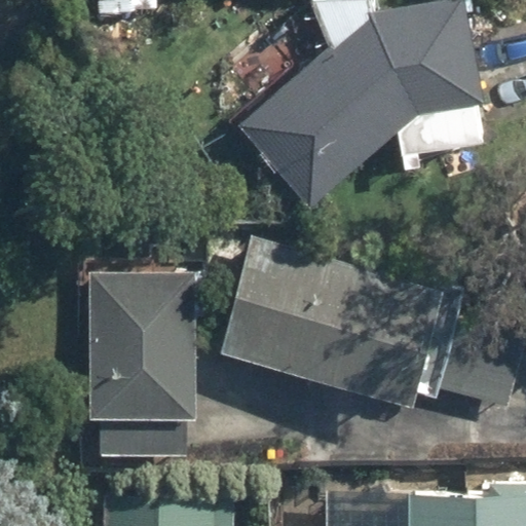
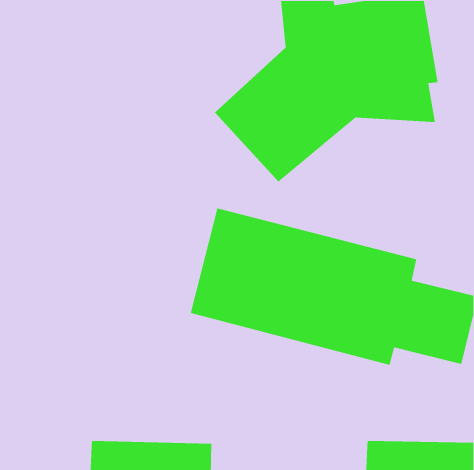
building: [87,270,201,460] -> none

